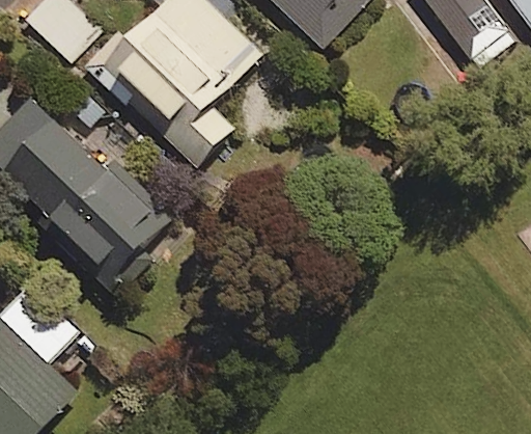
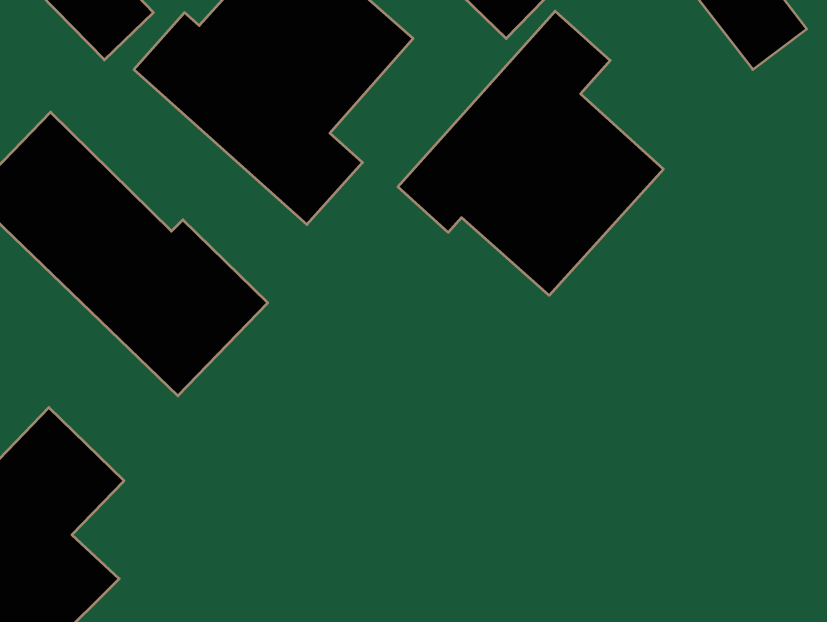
building: none -> [398,11,663,295]

